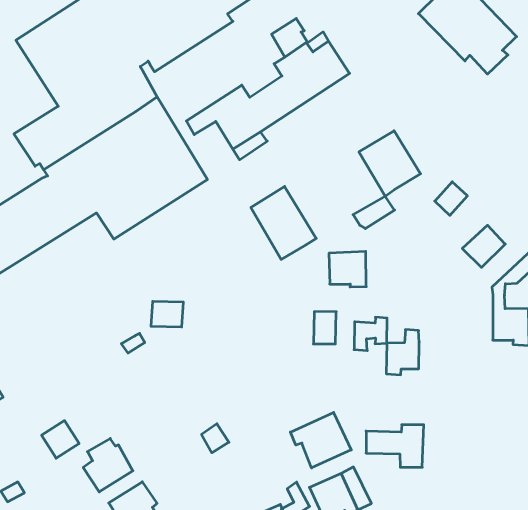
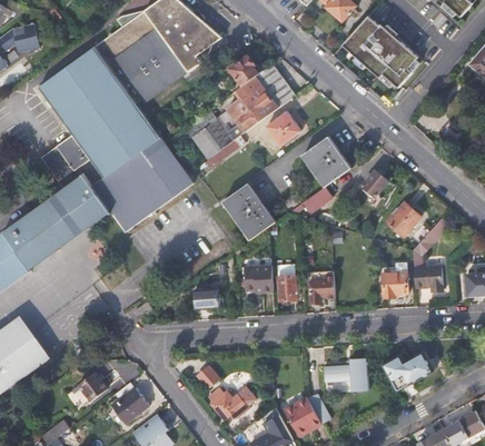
building: none -> [267,111,299,145]
building: [329,251,366,287] -> [242,265,273,293]
building: [151,301,183,327] -> [194,289,217,309]
building: [386,330,419,375] -> [382,262,407,297]
building: [290,412,351,468] -> none
building: none -> [380,353,433,392]
building: none -> [211,388,249,419]

